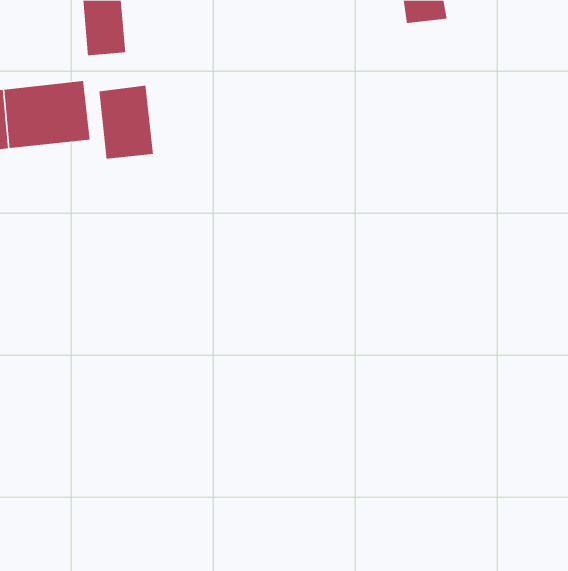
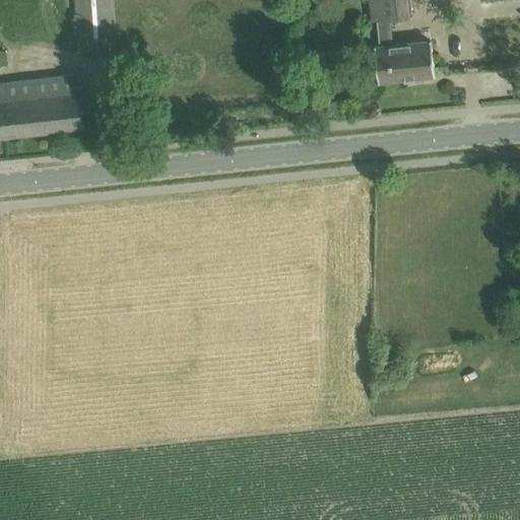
building: none -> [374,41,434,80]
building: [99,85,153,160] -> none

